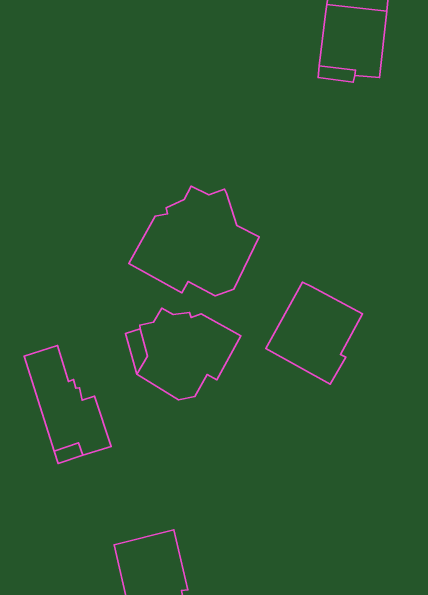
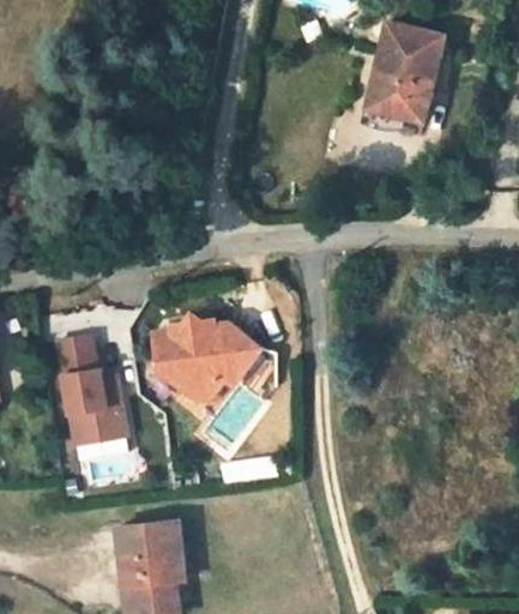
building: [129,186,259,296] -> none
building: [266,282,363,384] -> none

